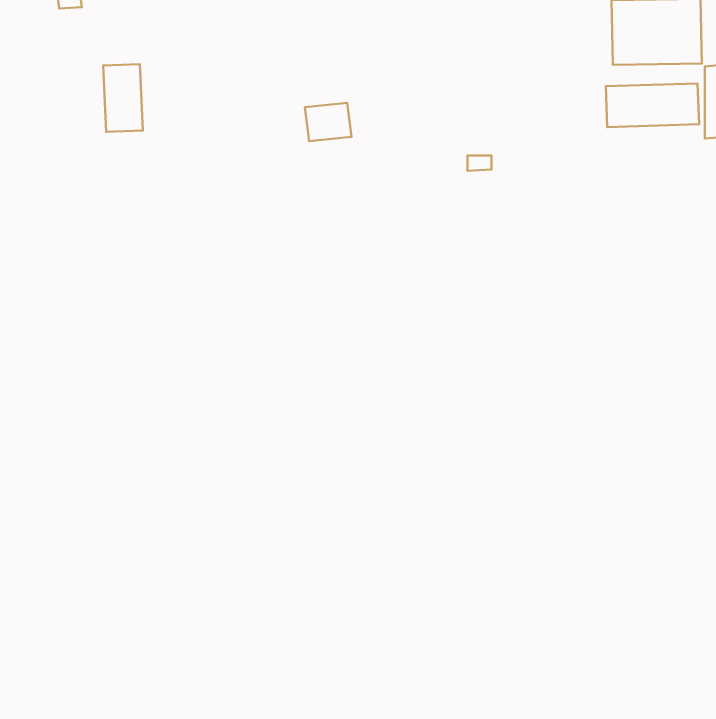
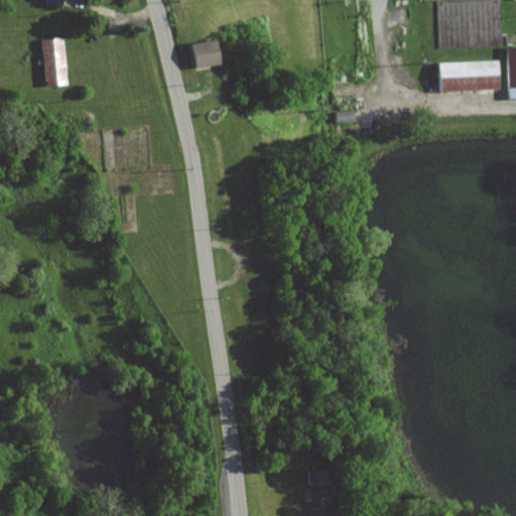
building: [103,64,143,132] -> [41,37,70,86]
building: [305,103,351,141] -> [188,39,222,67]

